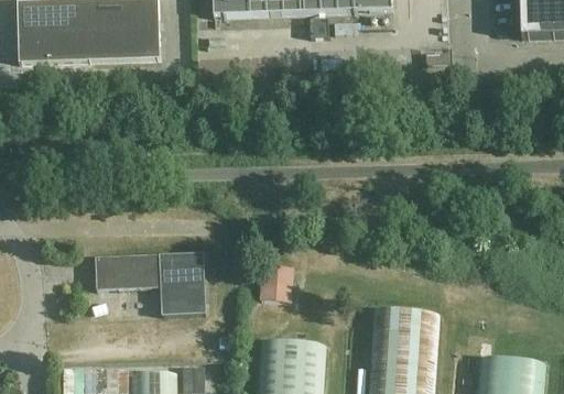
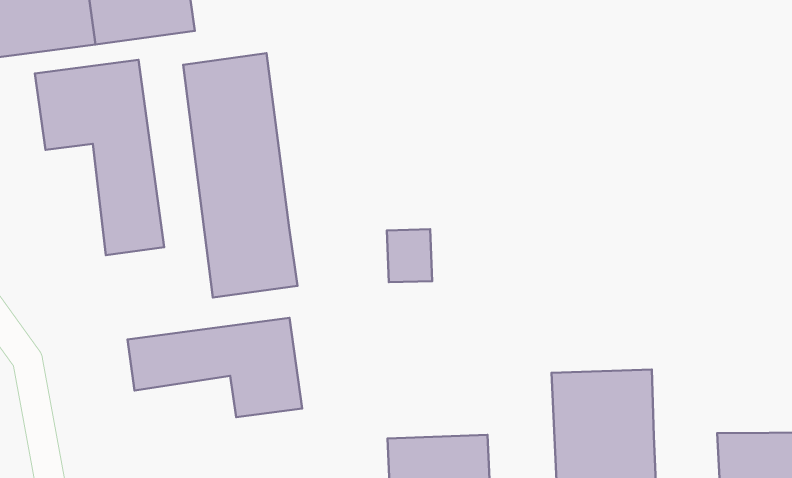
building: none -> [35,60,164,255]
building: none -> [183,53,298,298]
building: [262,265,293,302] -> [387,229,432,282]

